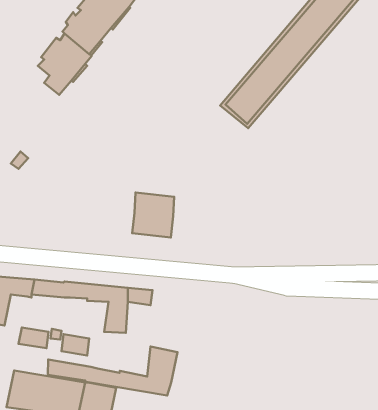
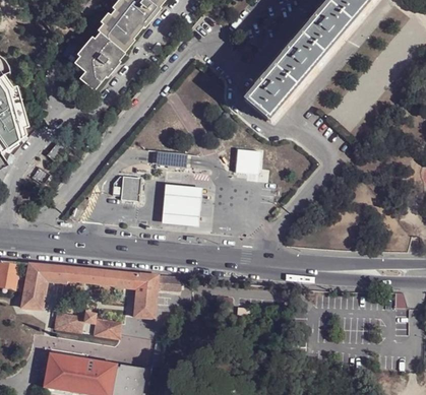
building: none -> [235,149,259,174]
building: none -> [119,175,139,200]
building: [48,347,178,396] -> none

